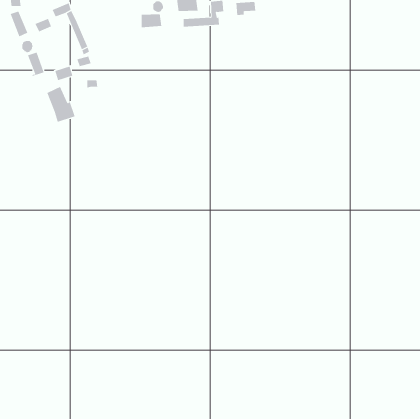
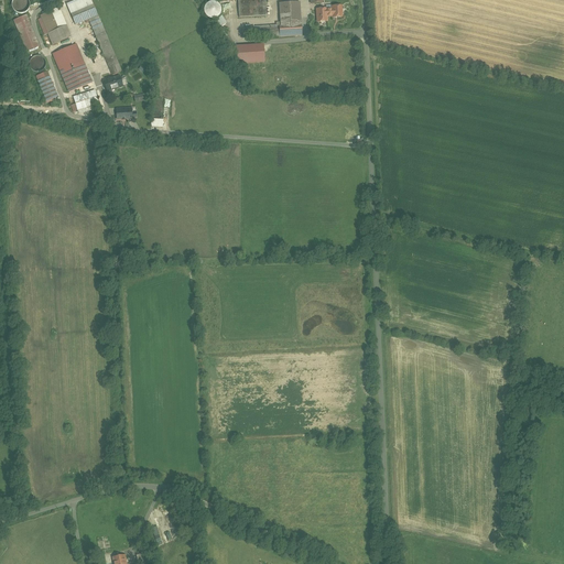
building: [141,14,162,28] -> [236,43,264,62]
building: [47,86,75,122] -> [55,42,94,90]

